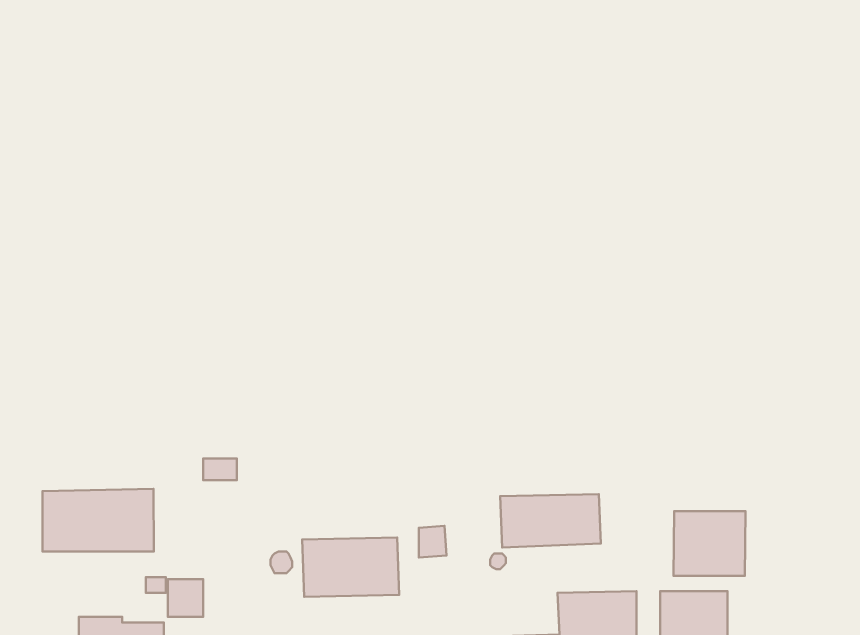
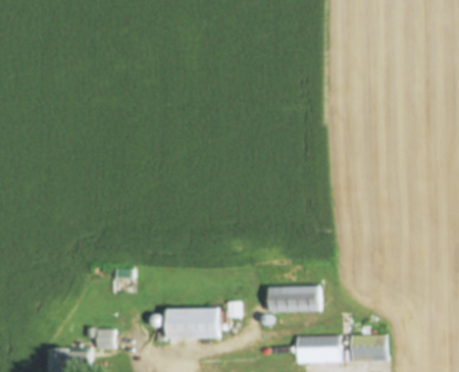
building: [42,489,154,551] -> none
building: [674,511,745,576] -> none

